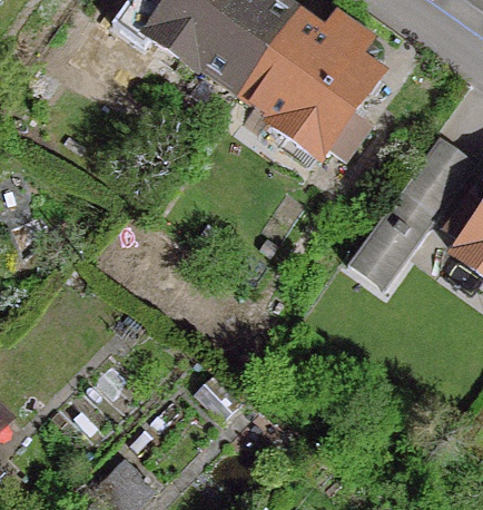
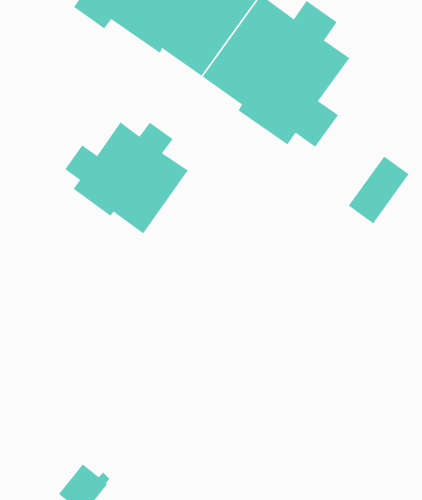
building: none -> [64,122,189,234]

